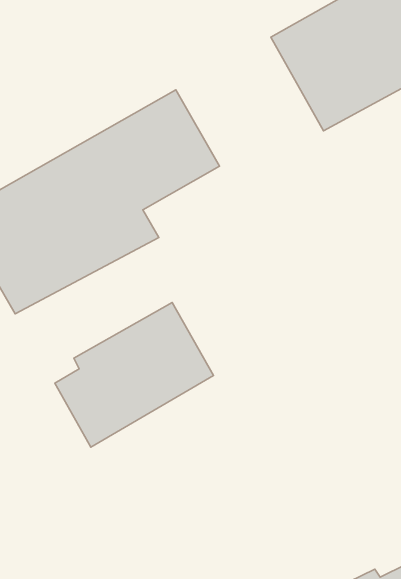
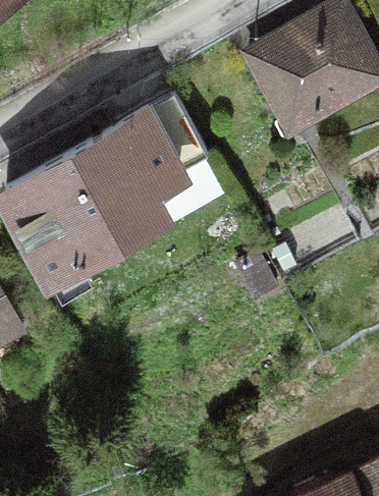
building: [55,303,214,447] -> none

